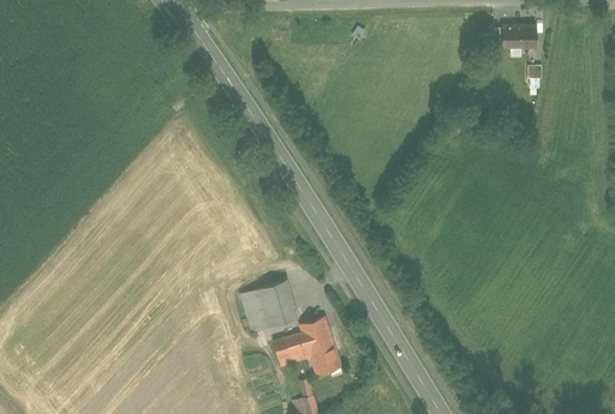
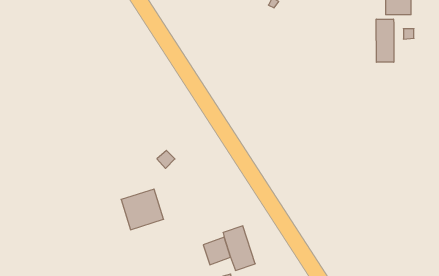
building: none -> [376,19,394,62]
building: [243,280,297,331] -> [121,189,164,230]

